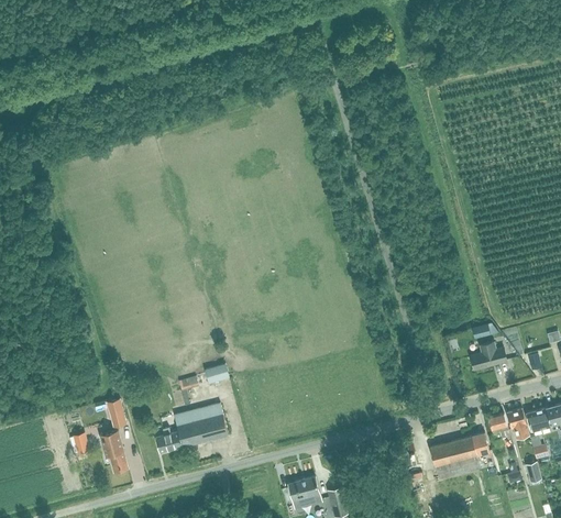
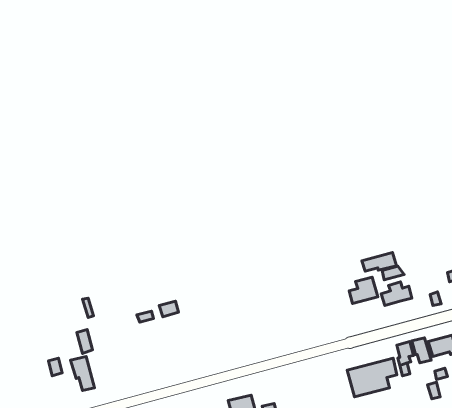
building: none -> [362,252,397,271]
building: none -> [349,277,378,304]
building: [155,403,228,453] -> none

